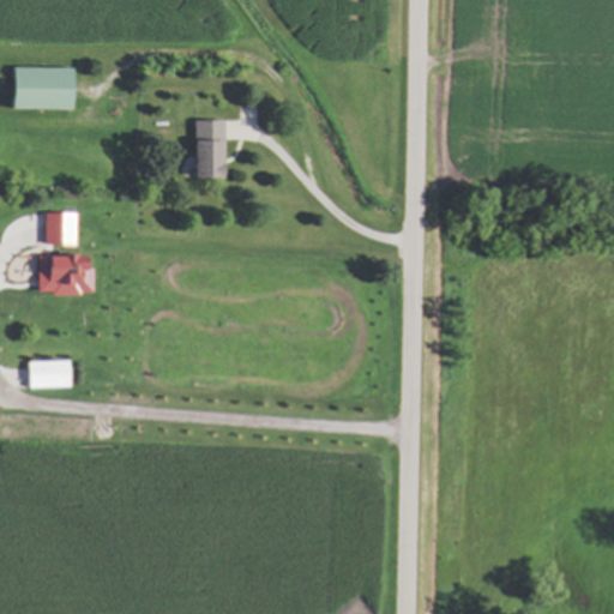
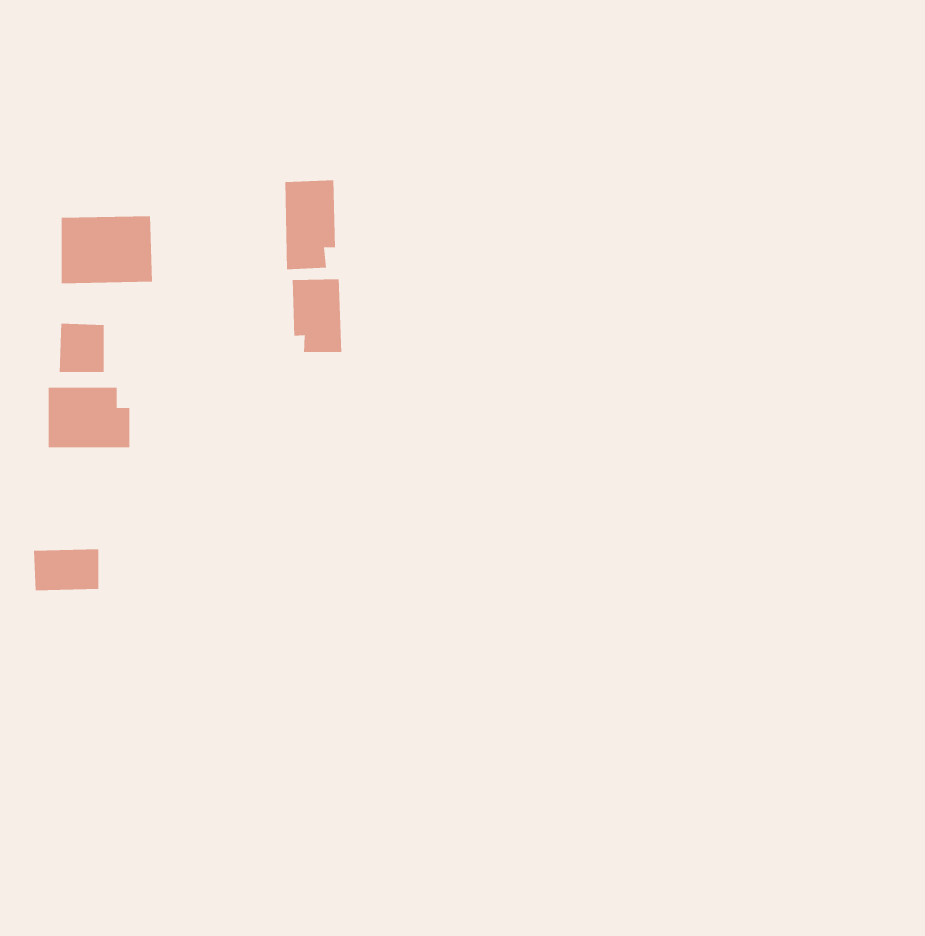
building: [13,66,73,110] -> [61,216,153,284]
building: none -> [292,279,342,353]

